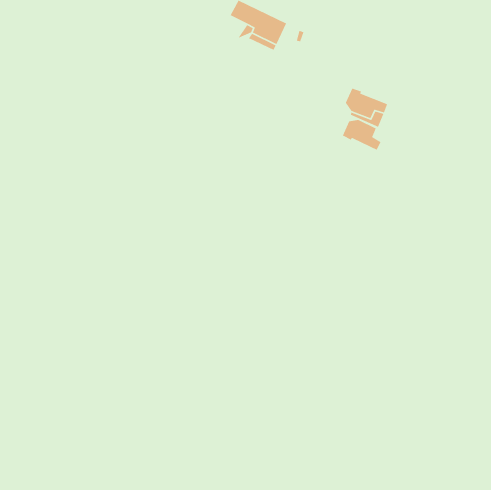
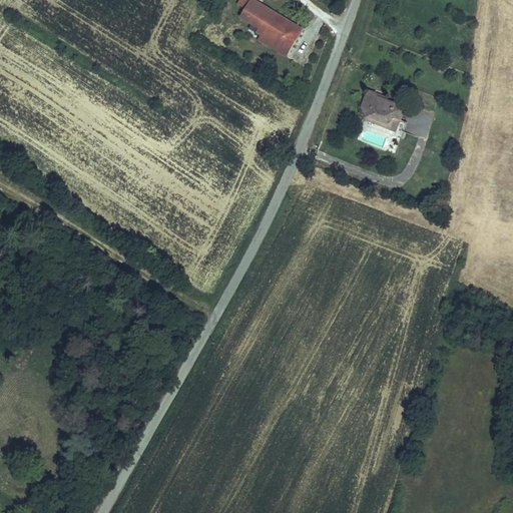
building: [342,119,381,151] -> none

